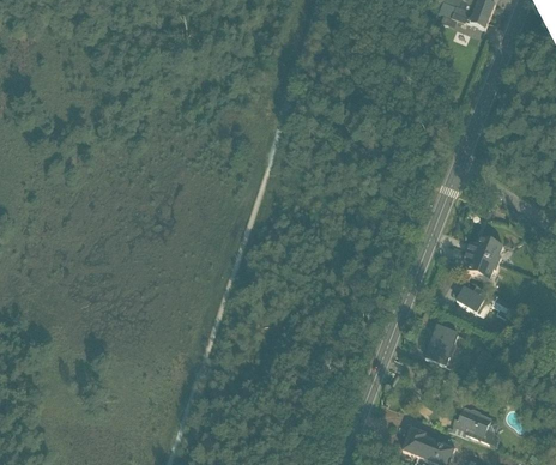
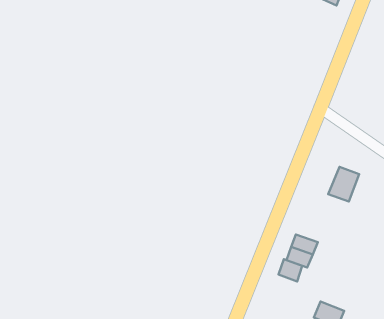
building: [454,277,495,314] -> none
building: none -> [278,259,302,281]

